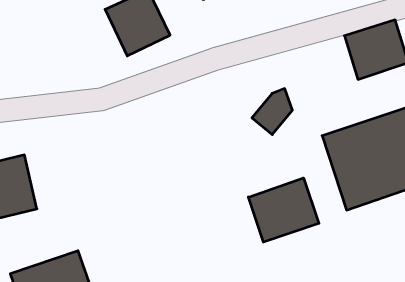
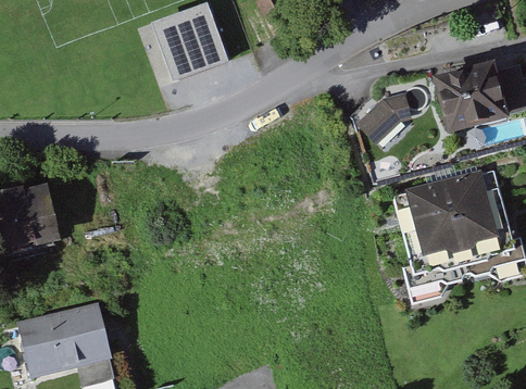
building: [252,89,292,135] -> [361,92,409,145]
building: [248,178,319,242] -> none

